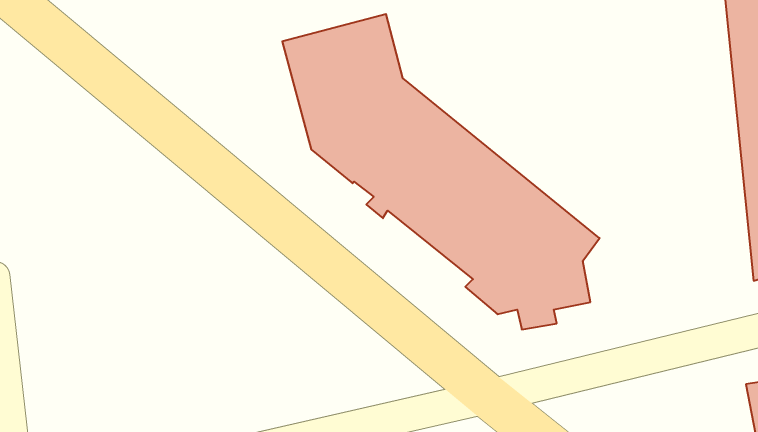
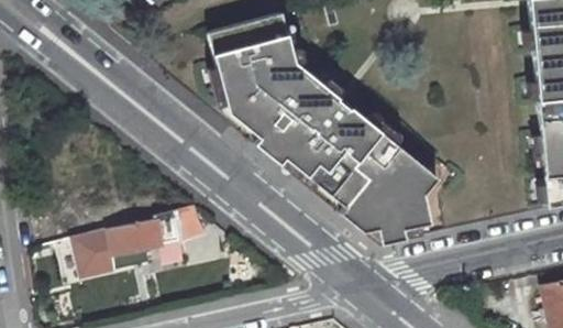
building: none -> [76,204,207,274]

